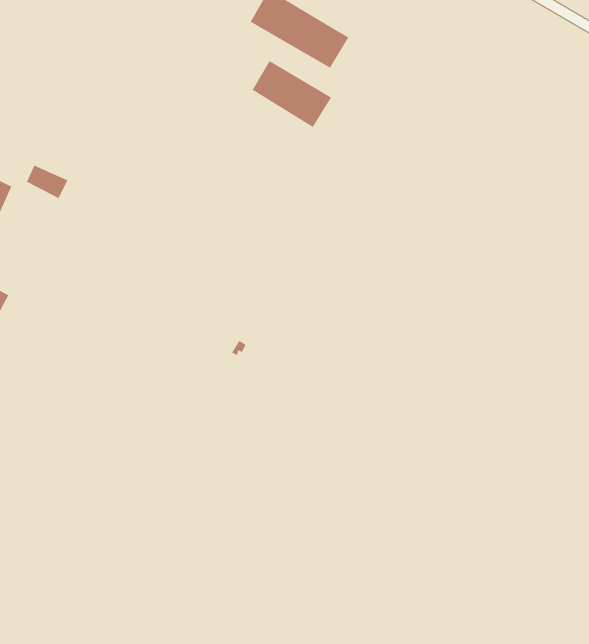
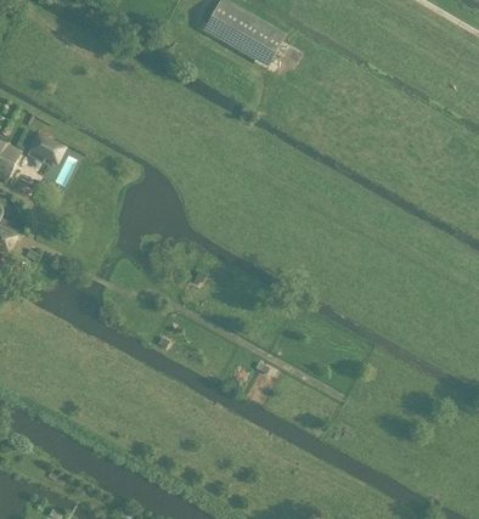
building: [252,60,332,128] -> none

